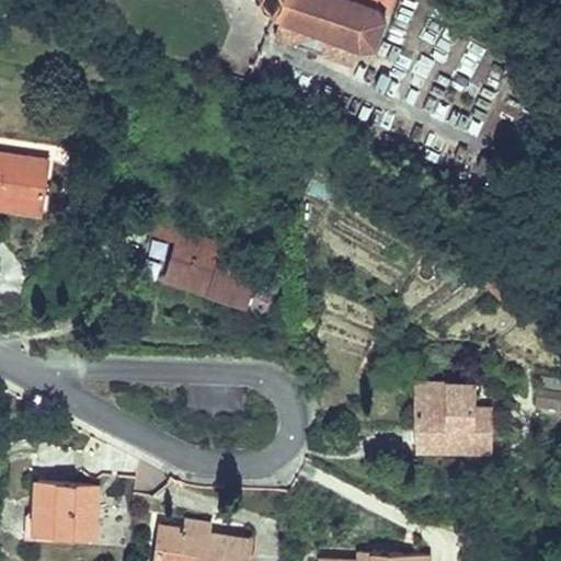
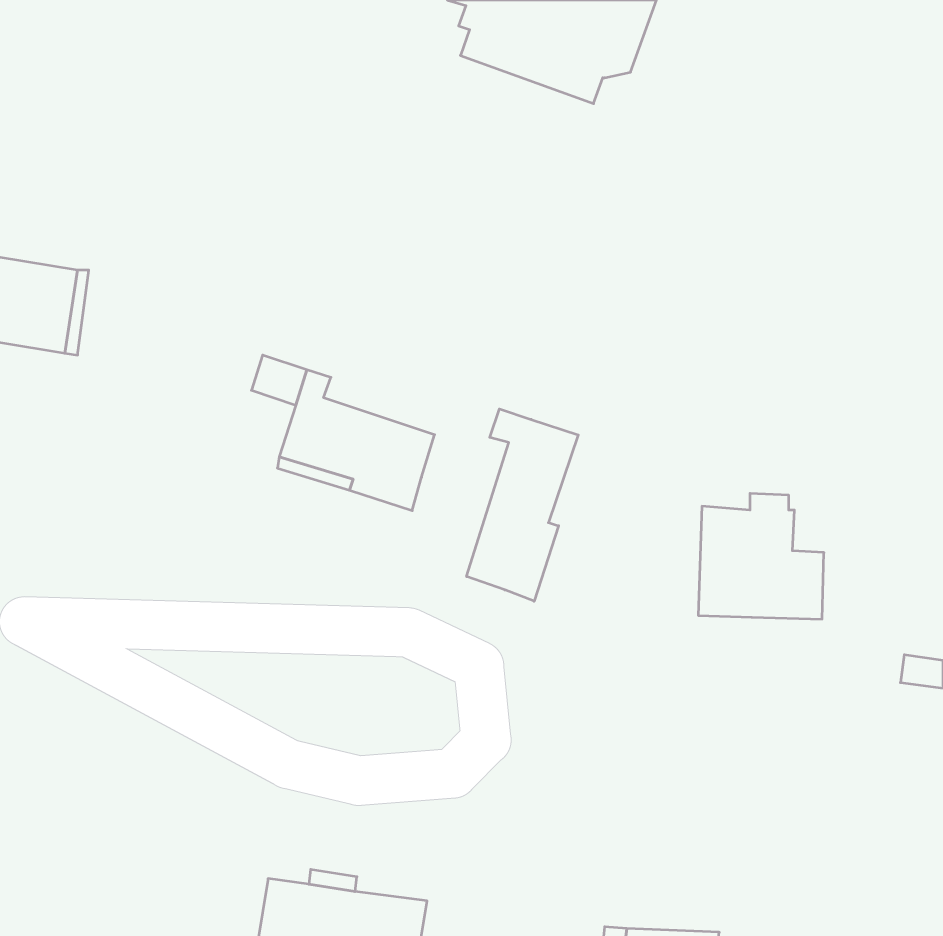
building: none -> [467,409,578,601]
building: [414,378,489,453] -> [698,493,824,619]
building: [32,480,101,534] -> none

